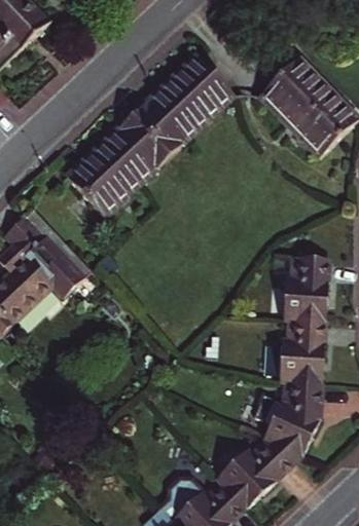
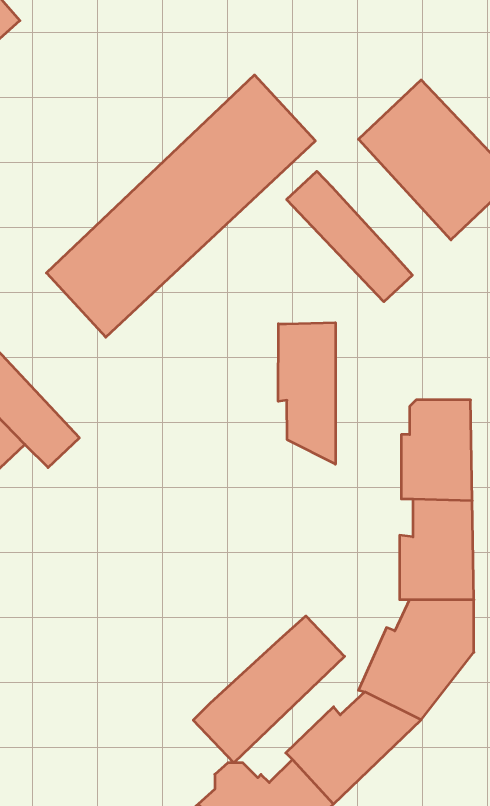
building: none -> [287,171,412,302]
building: none -> [278,323,335,464]
building: none -> [193,616,345,763]

